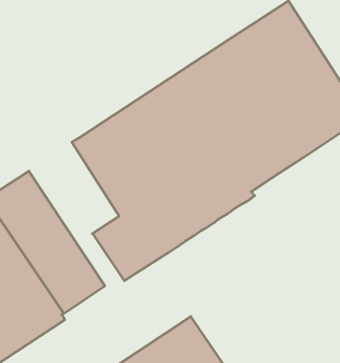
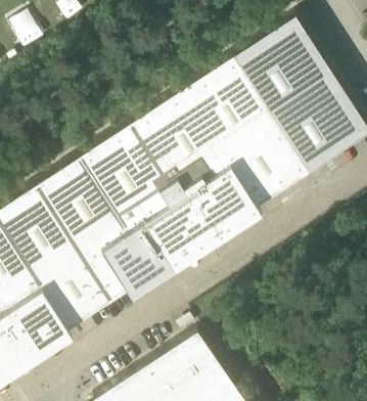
building: none -> [36,160,128,303]

